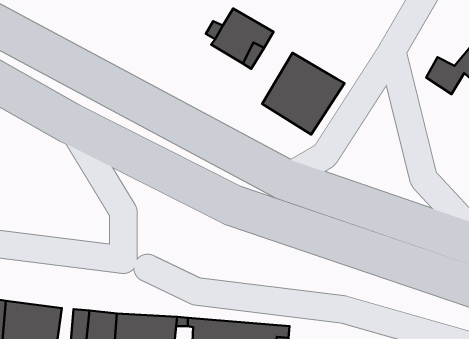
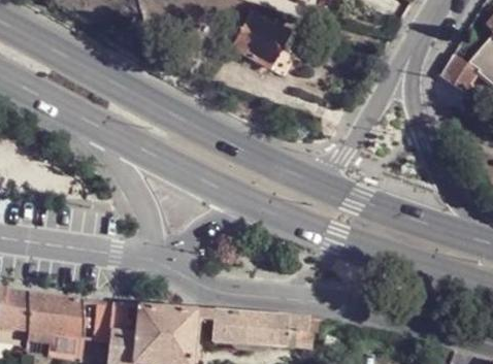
building: [262,53,345,134] -> none

